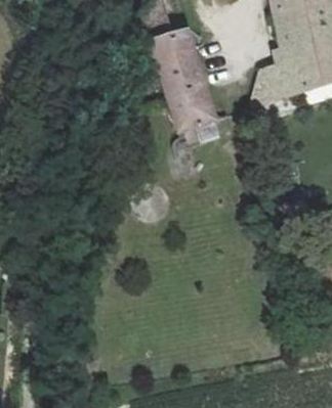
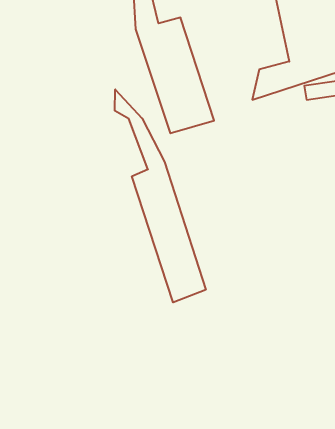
building: none -> [115,89,206,302]

